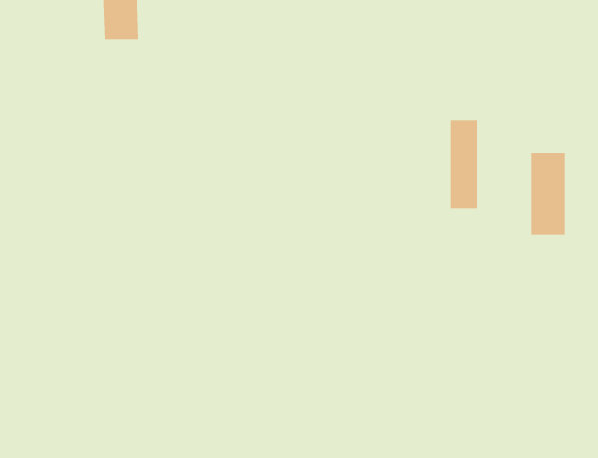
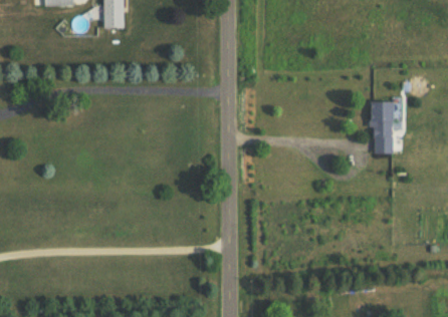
building: [450,119,478,209] -> none

